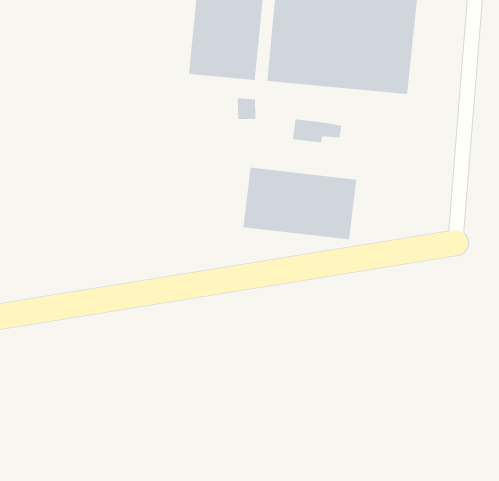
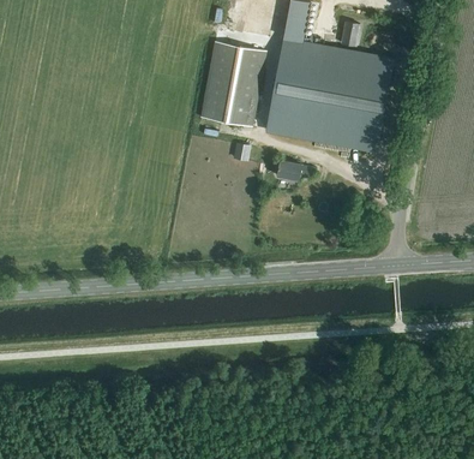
building: [243,167,357,240] -> none

